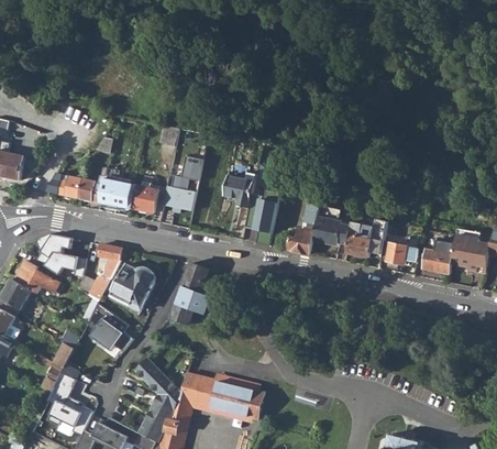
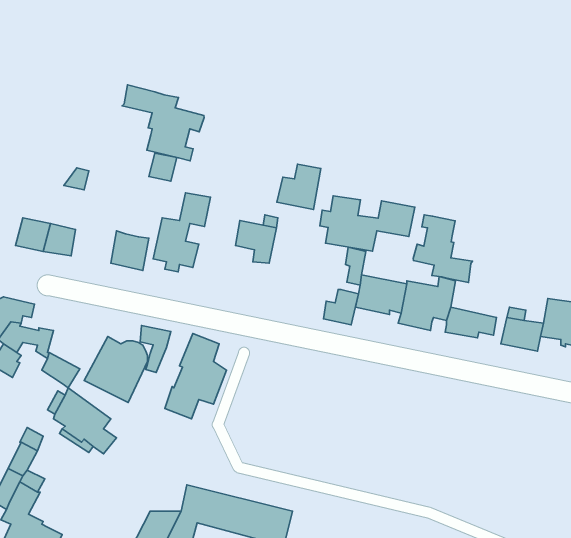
building: none -> [122,85,204,161]
building: none -> [320,196,415,251]
building: none -> [413,215,473,282]
building: [99,178,133,208] -> none
building: [243,198,276,232] -> [277,164,321,210]
building: [98,244,121,280] -> [140,326,171,373]
building: [134,358,181,394] -> none

